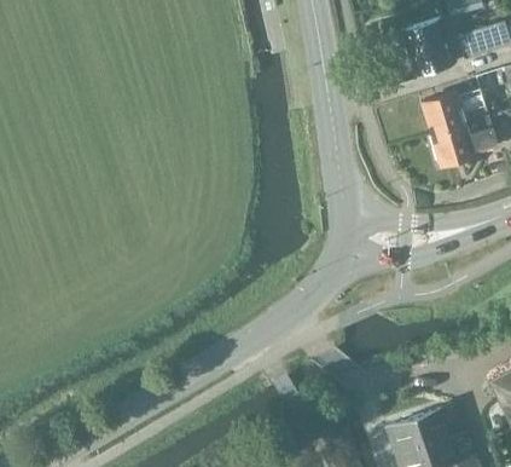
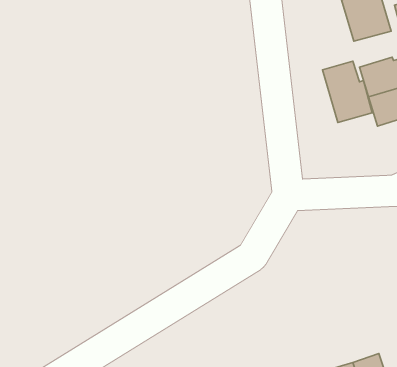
building: none -> [323,61,372,122]

